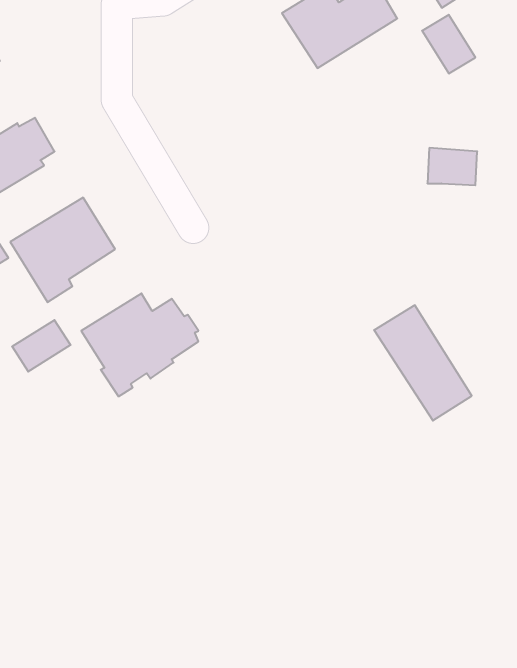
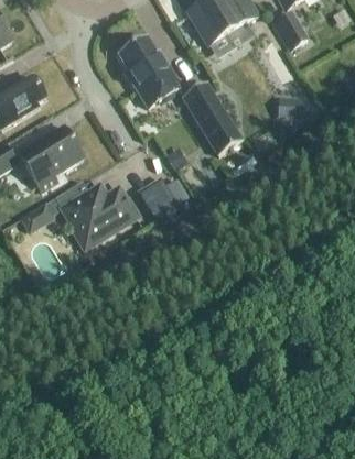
building: none -> [118,34,182,106]
building: none -> [138,177,174,215]
building: [374,305,472,421] -> [182,81,243,153]

